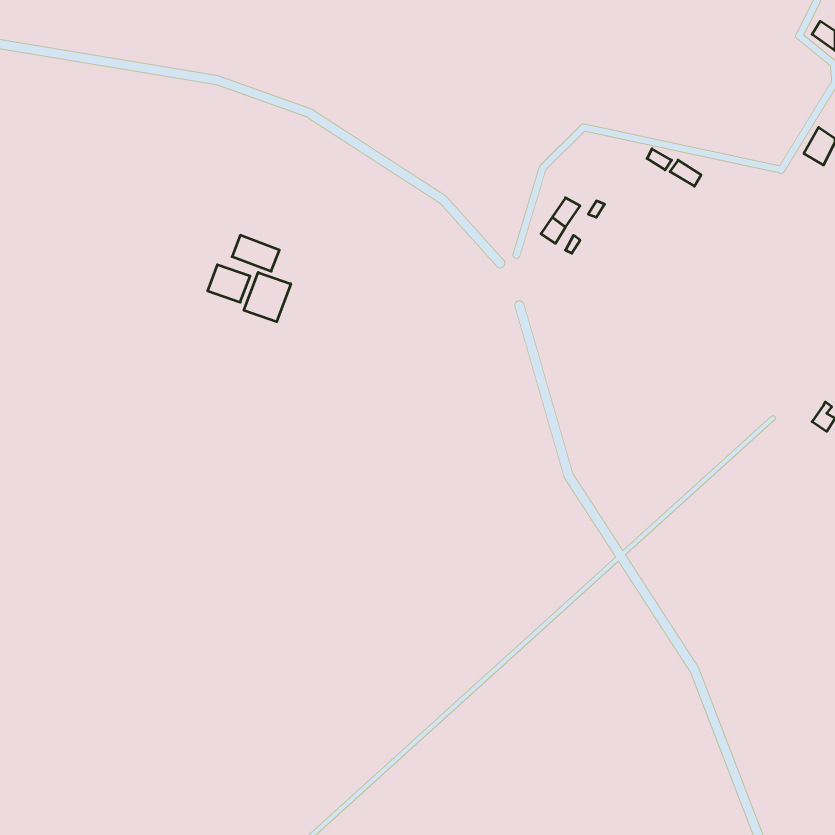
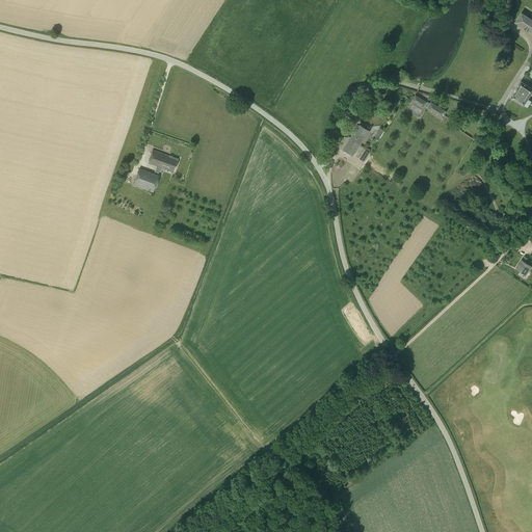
building: [244,272,291,322] -> none

